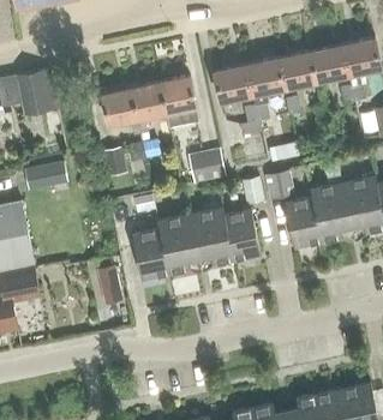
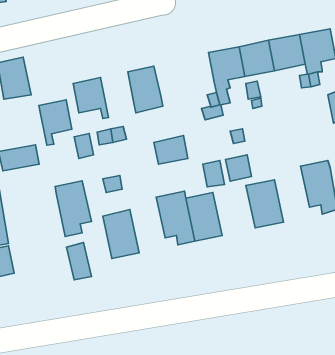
building: [213,64,251,102] -> none
building: [131,84,166,132] -> [39,100,72,145]
building: [312,184,352,242] -> none
building: [161,216,199,275] -> [55,181,91,236]

